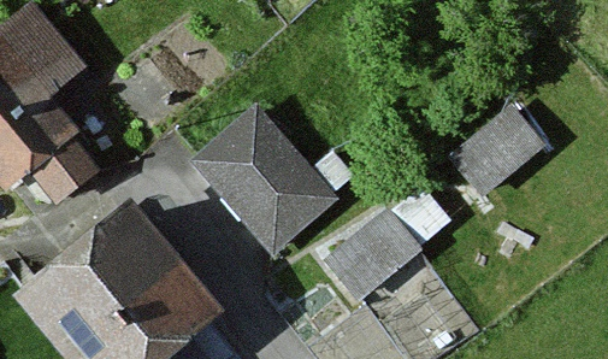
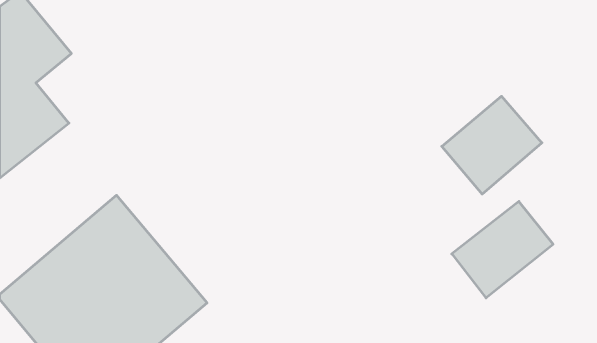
building: [193,104,336,249] -> none
building: [323,207,423,302] -> [452,201,553,298]

